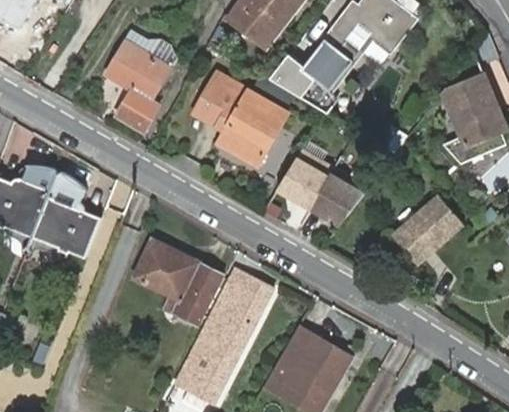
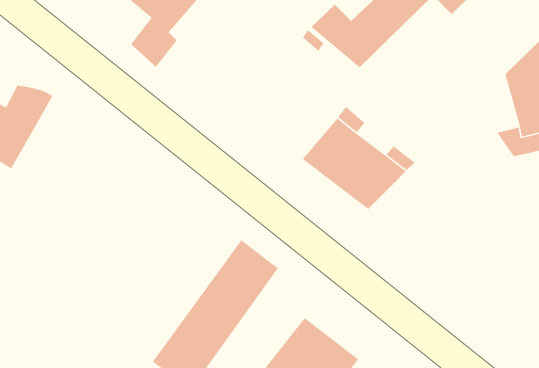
building: [200,76,286,165] -> none
building: [31,168,101,258] -> none
building: [396,200,458,261] -> none
building: [133,239,223,325] -> none

